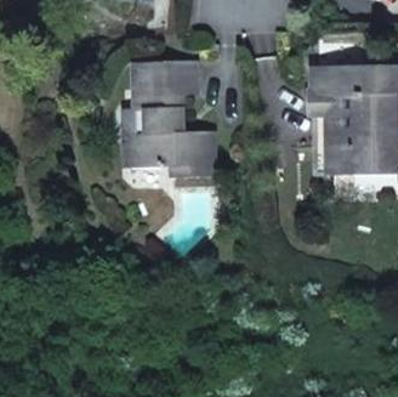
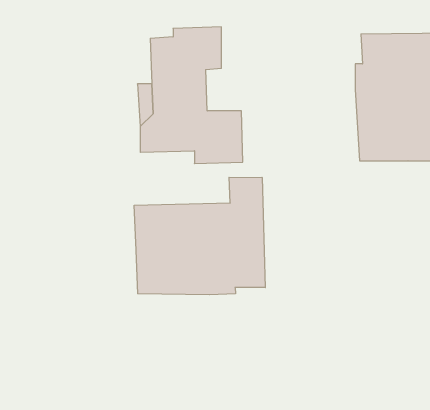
building: none -> [134,177,265,295]

